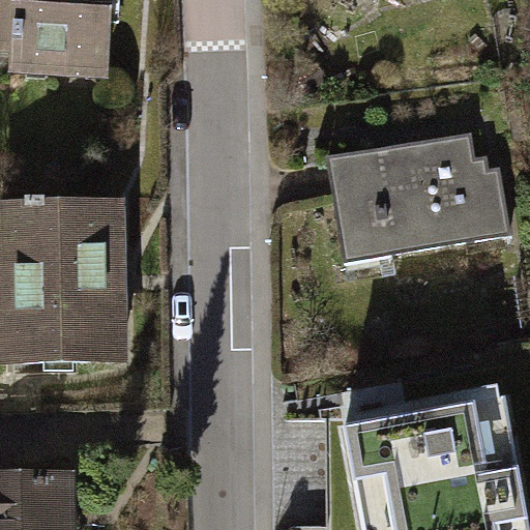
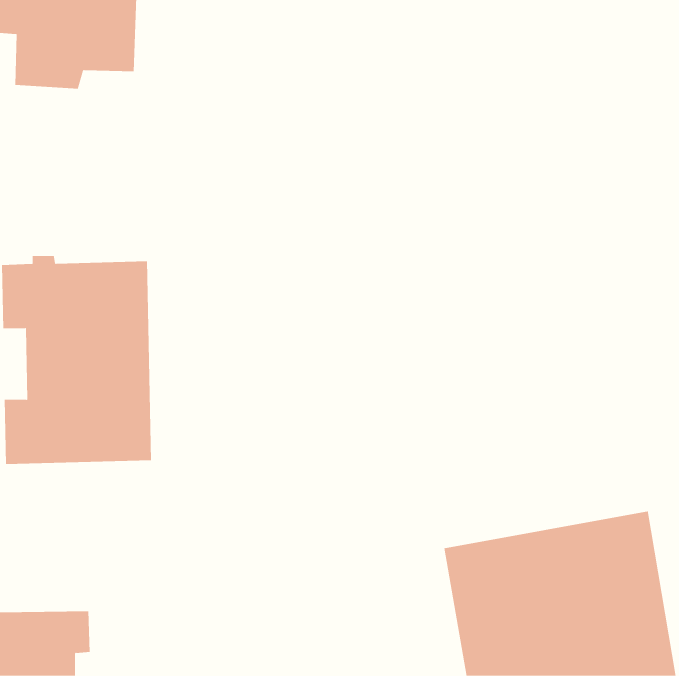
building: [327,135,508,260] -> none

